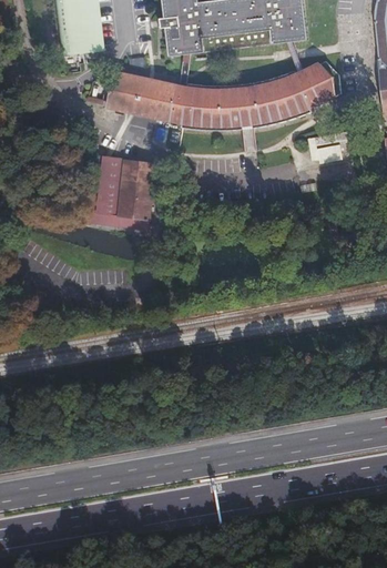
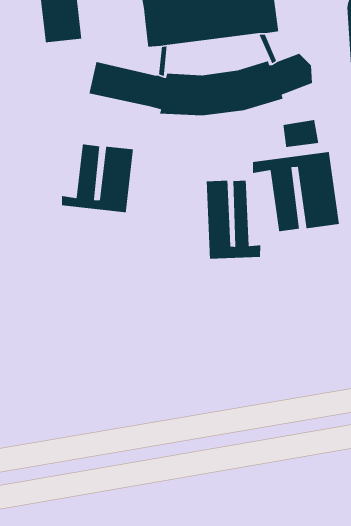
building: none -> [252,151,340,232]
building: none -> [206,180,261,260]

